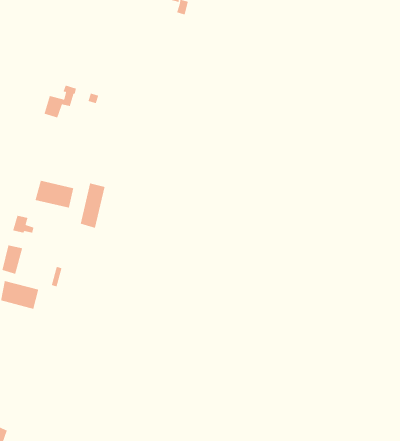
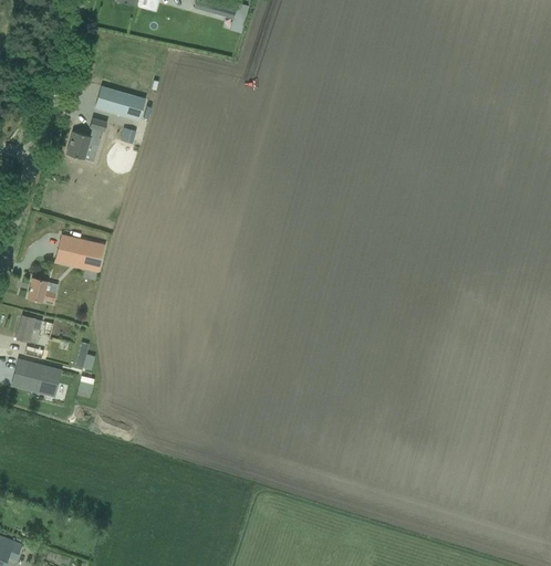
building: none -> [95,86,145,120]
building: [80,183,105,229] -> none

